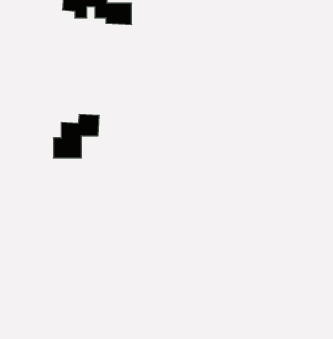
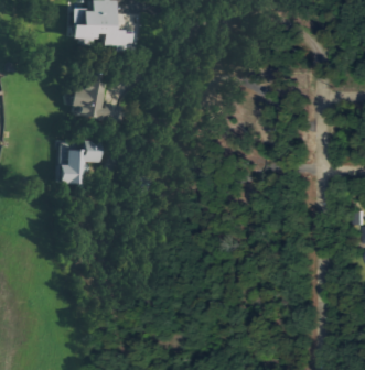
building: none -> [66,79,112,118]

